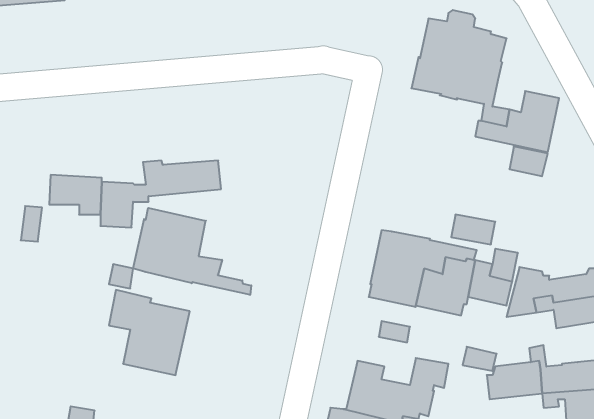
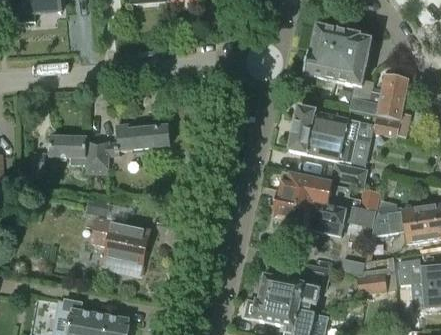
building: none -> [290,105,360,161]
building: [133,208,251,295] -> none

